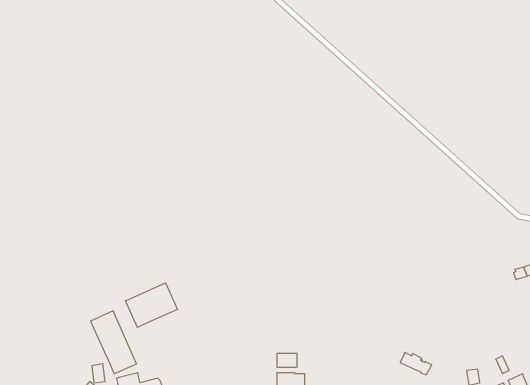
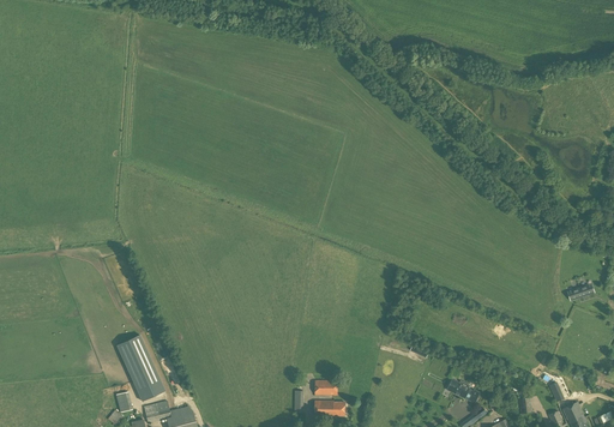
building: [125,283,177,328] -> none

